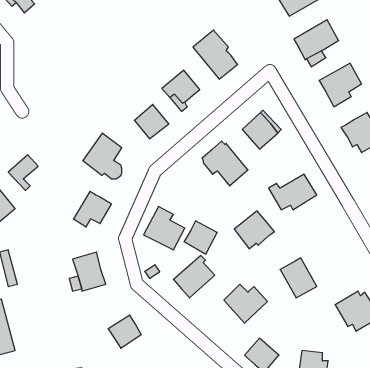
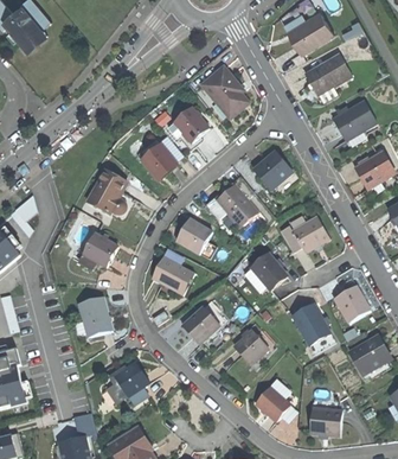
building: [184,221,217,254] -> [176,218,211,253]
building: none -> [334,278,370,323]

